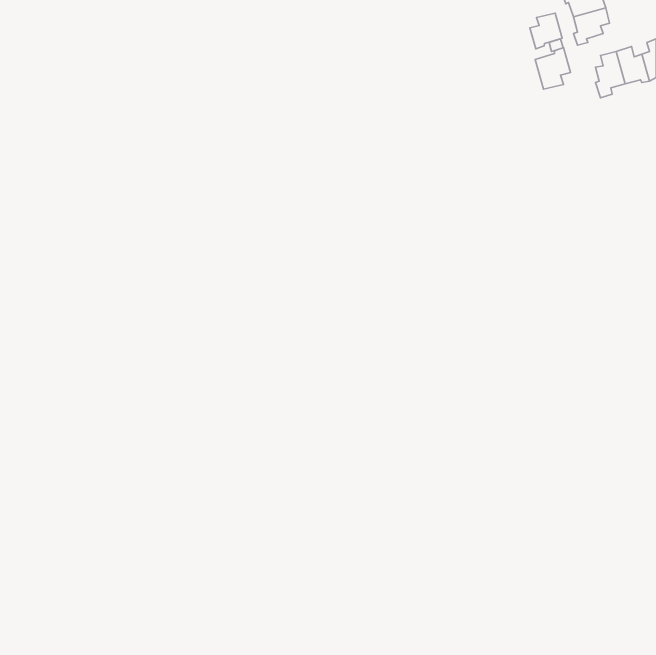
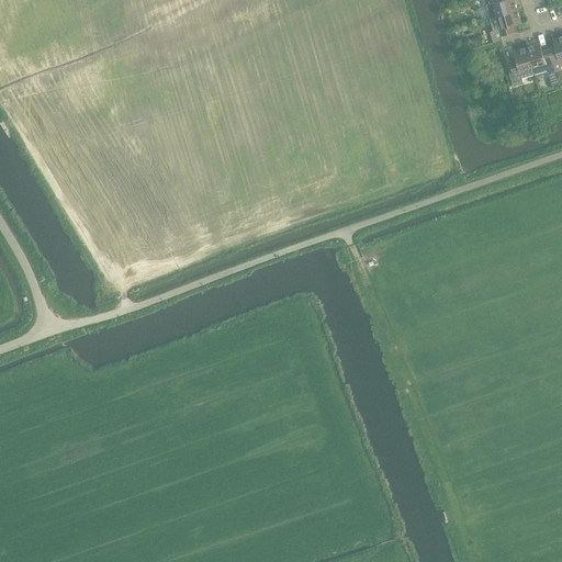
building: [530,13,562,49] -> none
building: [535,48,570,89] -> none

